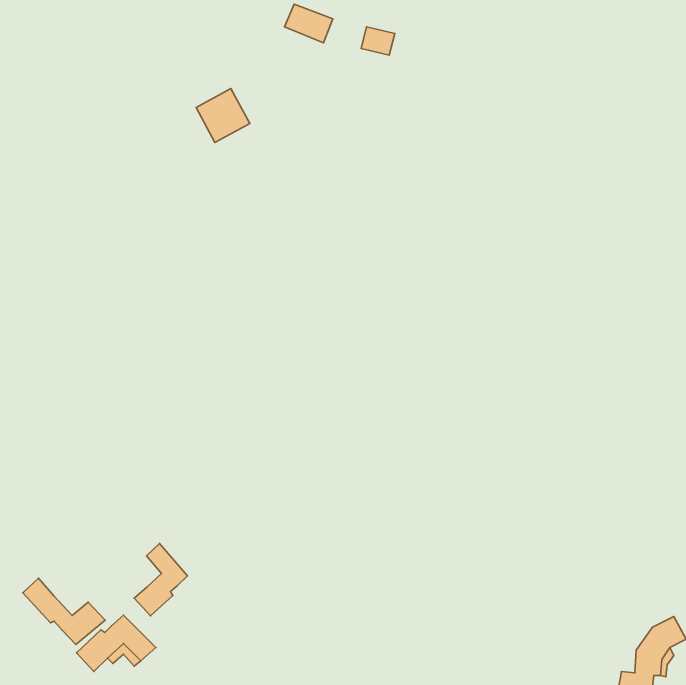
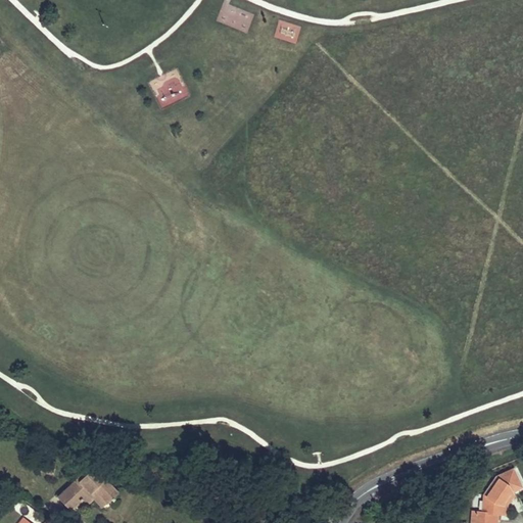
building: [134,543,187,616] -> none
building: [23,578,105,644] -> none

